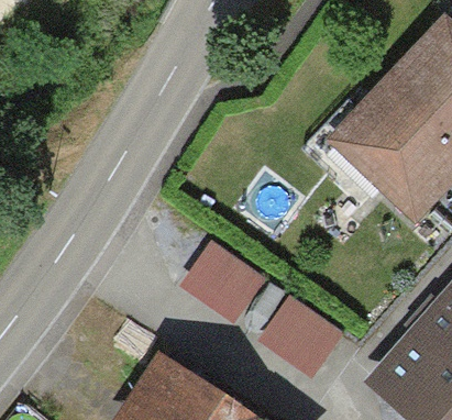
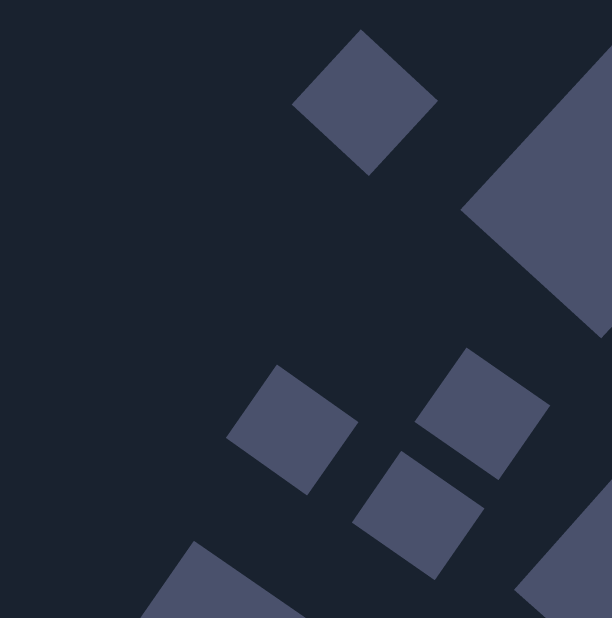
building: none -> [291,29,439,177]
building: none -> [414,346,551,481]

